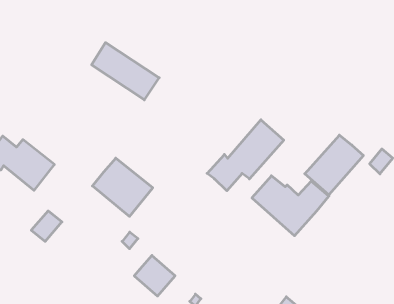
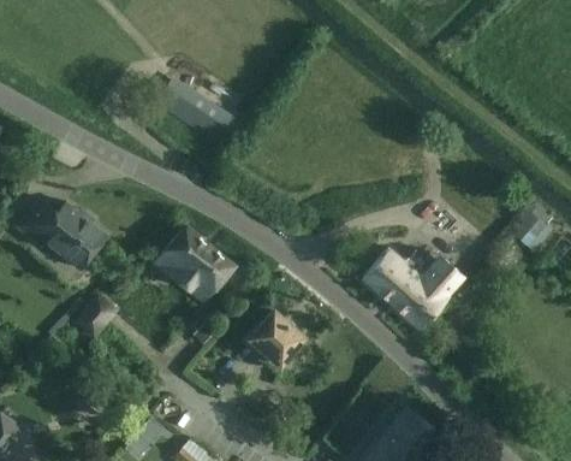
building: [207,120,284,191] -> none
building: [305,135,363,195] -> none
building: [134,255,175,296] -> [250,311,303,364]

